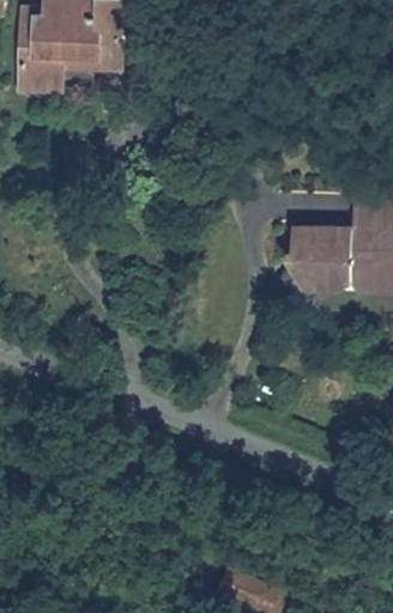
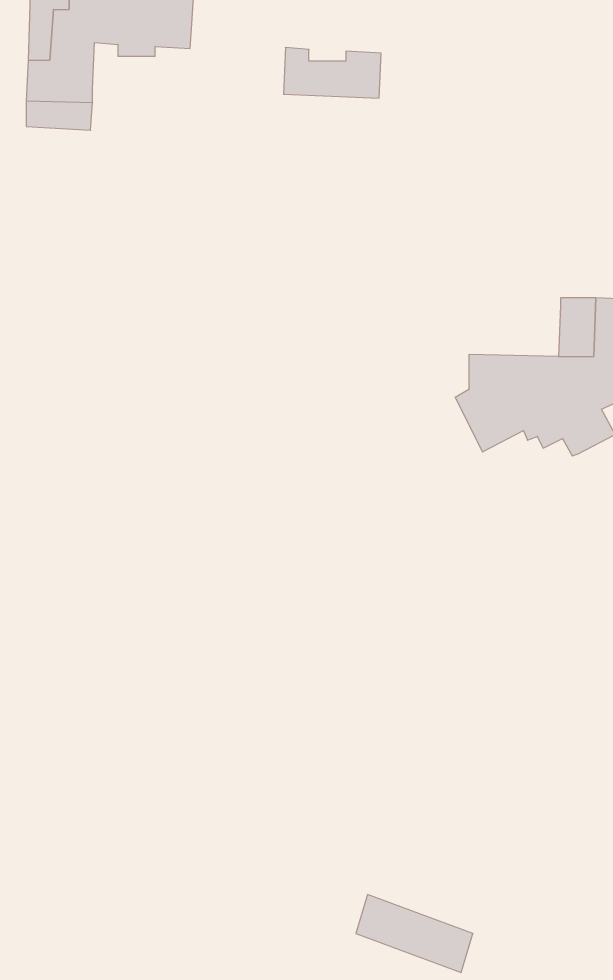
building: [62,36,122,67] -> [284,47,381,98]

